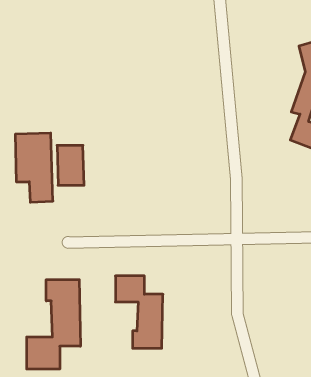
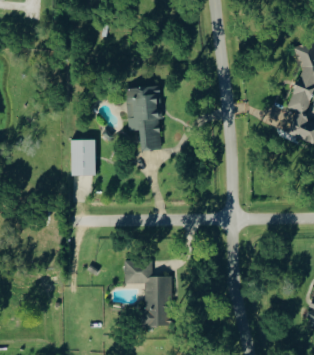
building: [15,133,53,202] -> [126,86,161,150]
building: [27,280,80,369] -> none

